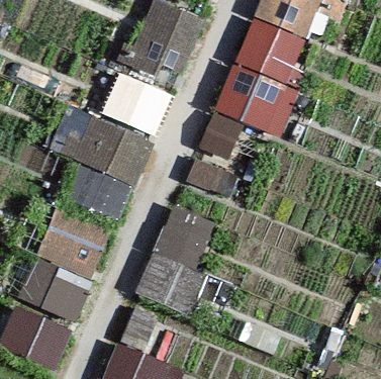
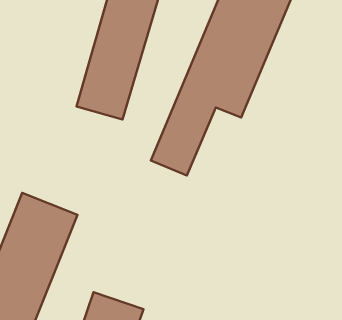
building: [63,120,144,212] -> none
building: [135,206,219,311] -> none

